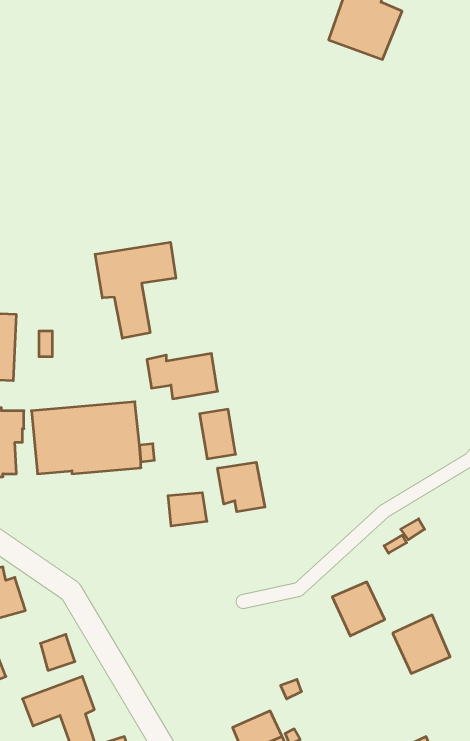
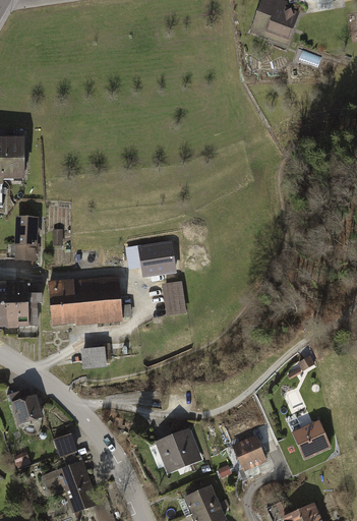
building: [95,242,176,338] -> none
building: [218,462,265,512] -> none
building: [168,493,207,526] -> [80,346,107,368]
building: [332,582,385,636] -> [232,435,267,471]
building: none -> [156,428,201,472]

